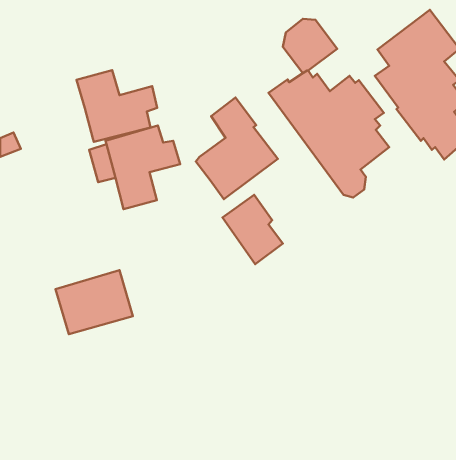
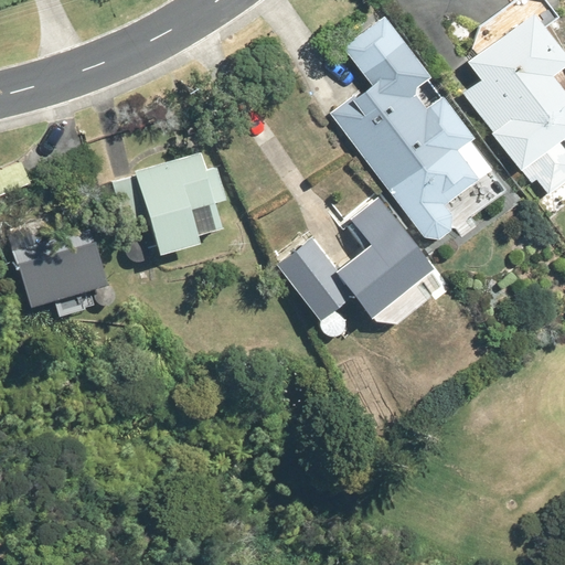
building: [77,70,157,142] -> none
building: [196,97,278,199] -> [334,196,435,321]
building: [55,270,133,334] -> [12,230,107,308]

